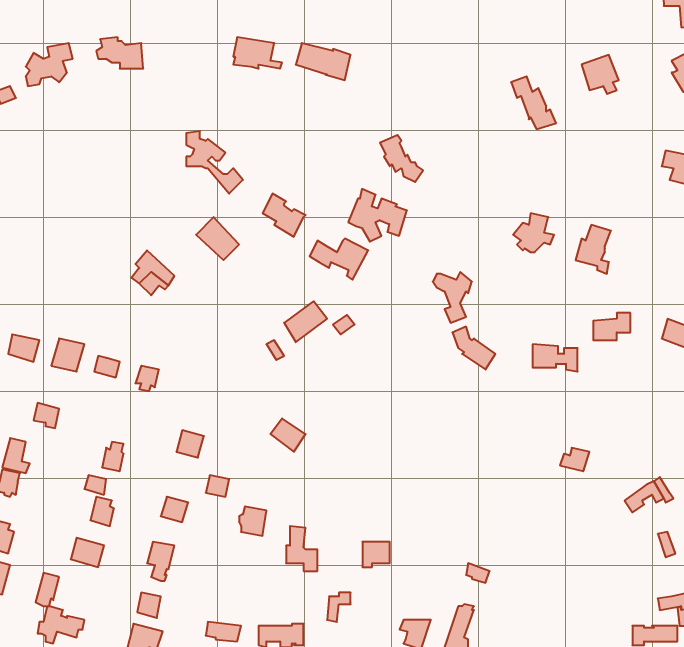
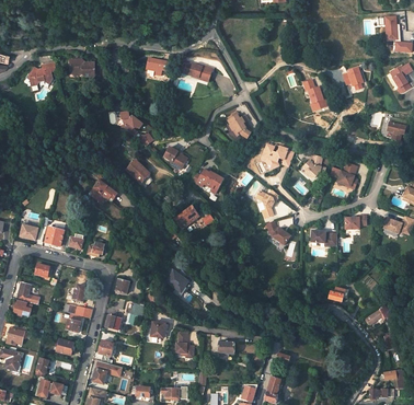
building: [348,189,407,242] -> [261,141,294,171]

